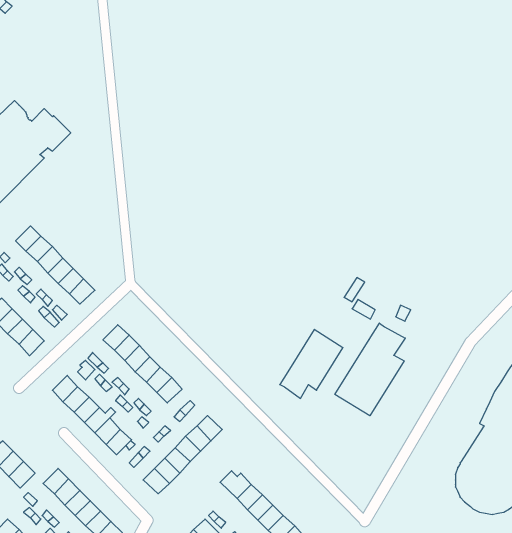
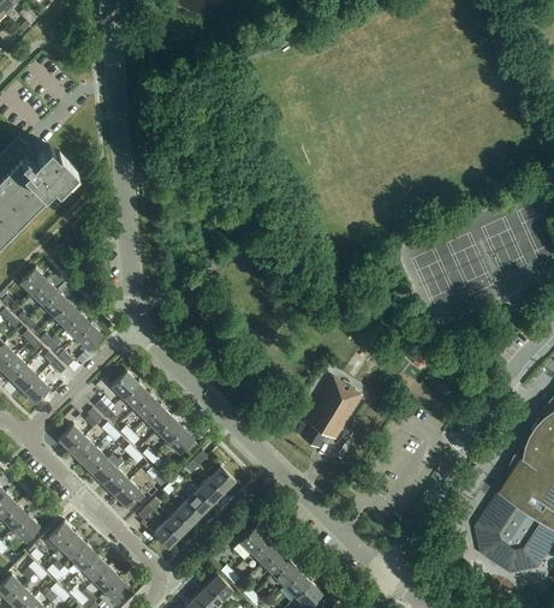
building: [335,323,405,416] -> none

